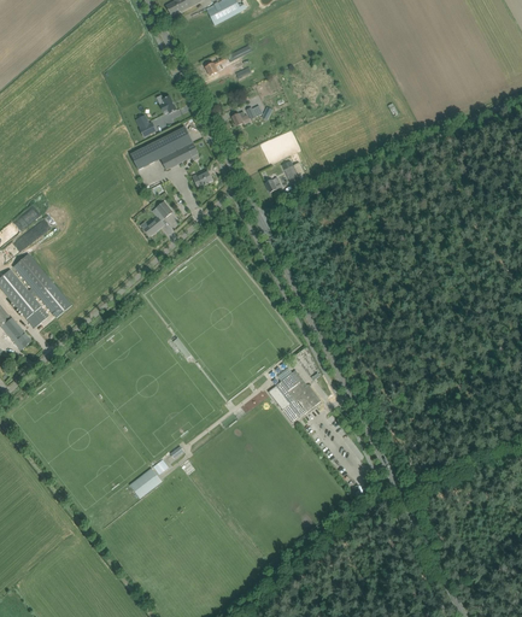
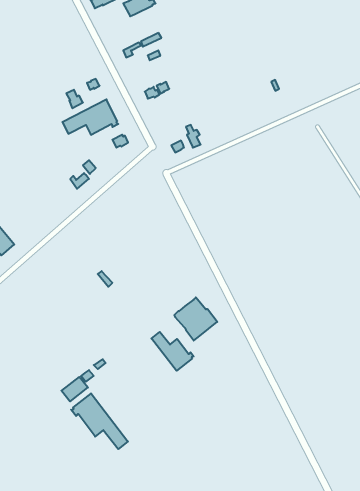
building: none -> [151,332,194,371]
building: none -> [71,393,128,449]

